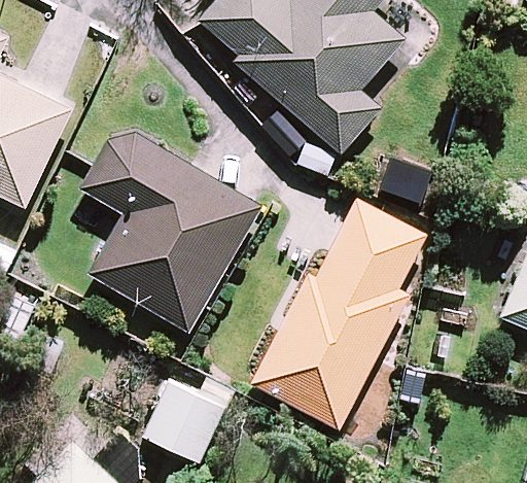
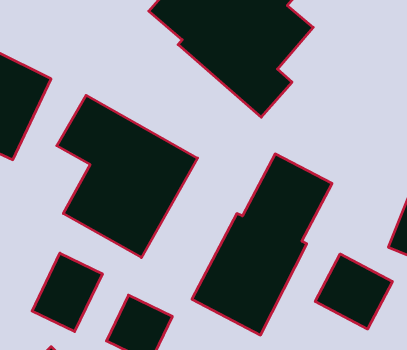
building: none -> [32,253,102,332]
building: none -> [315,254,392,329]

